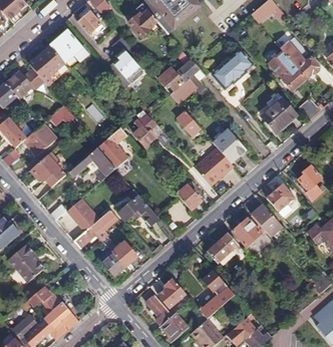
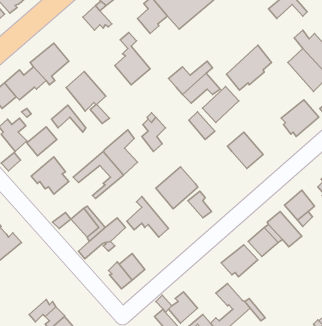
building: [51,31,88,68] -> [66,71,106,111]
building: none -> [202,86,239,122]
building: [195,147,234,187] -> [156,167,198,209]
building: [6,244,44,284] -> none

